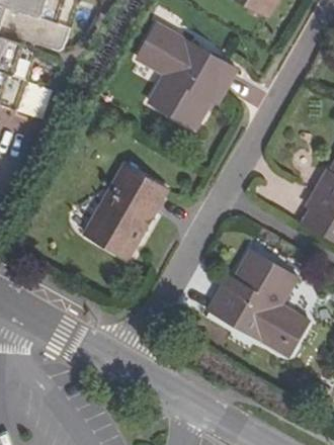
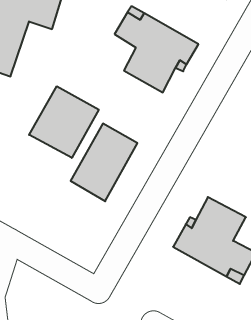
building: none -> [29,86,99,158]

